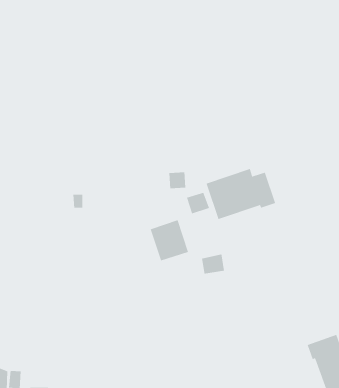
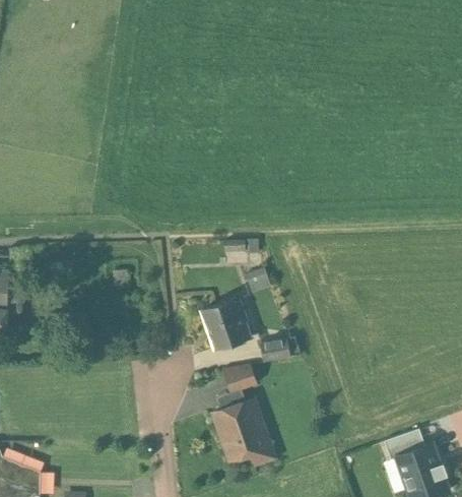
building: [206,168,276,220] -> none
building: none -> [222,365,255,393]
building: none -> [212,399,269,461]

